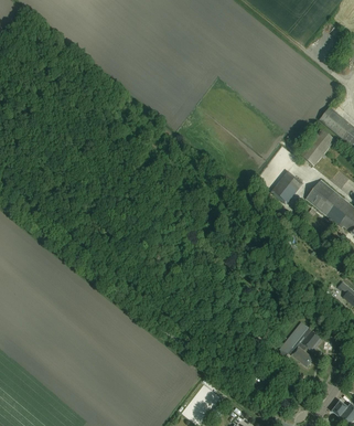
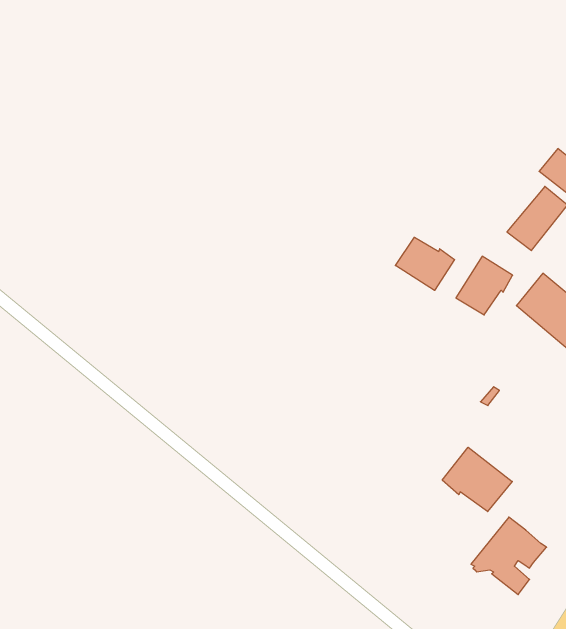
building: none -> [395,237,455,290]
building: none -> [442,447,512,512]

